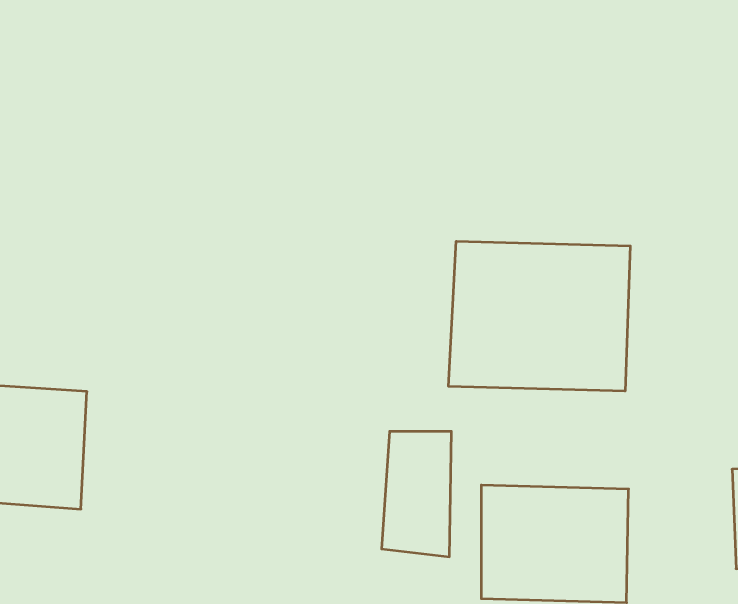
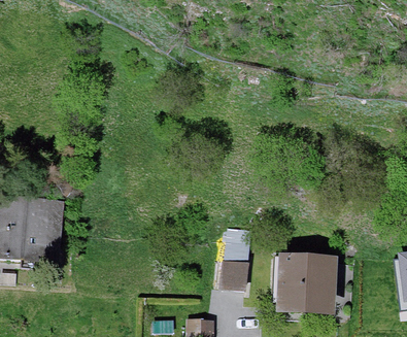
building: [449,241,630,391] -> none

